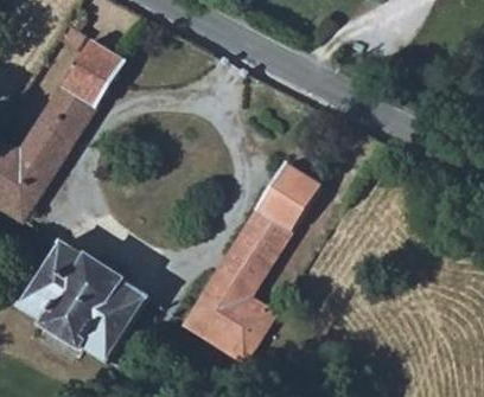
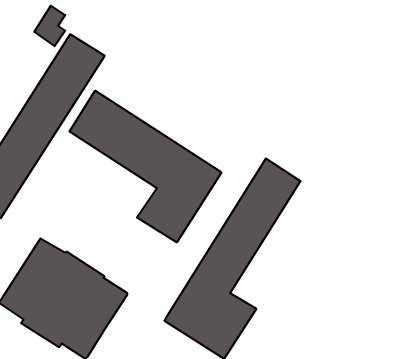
building: none -> [69,91,221,242]

